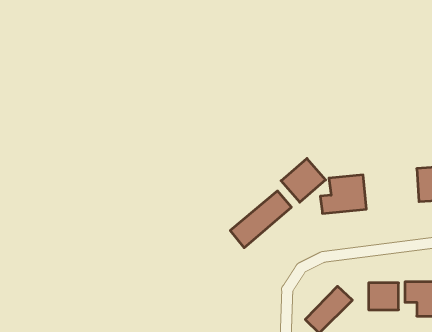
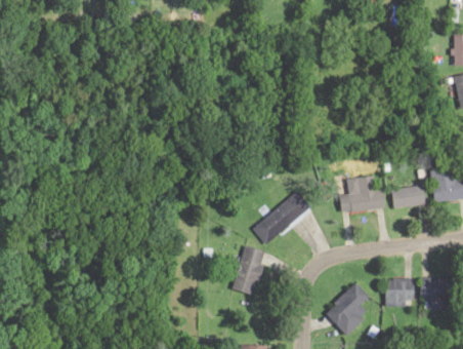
building: [281,158,326,202] -> none
building: none -> [392,185,426,206]
building: none -> [234,245,266,295]

